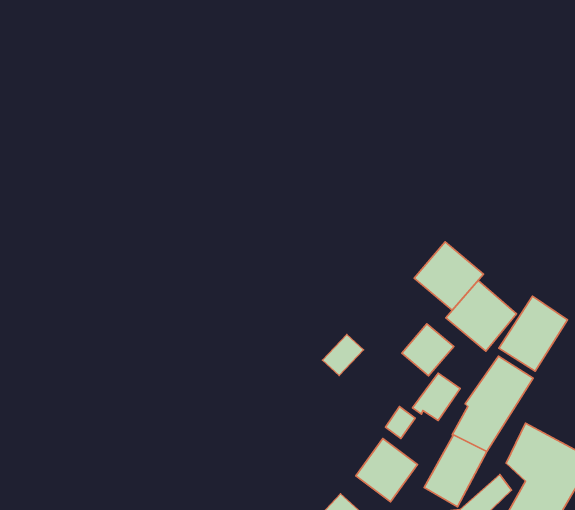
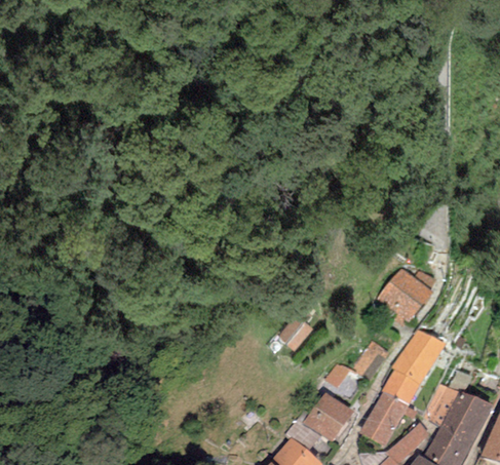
building: [414,242,483,310] -> none
building: [499,296,567,371] -> none
building: [402,324,454,376] -> none

